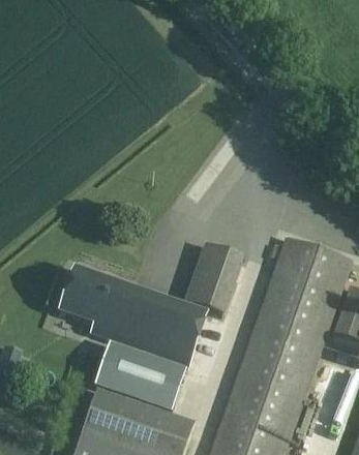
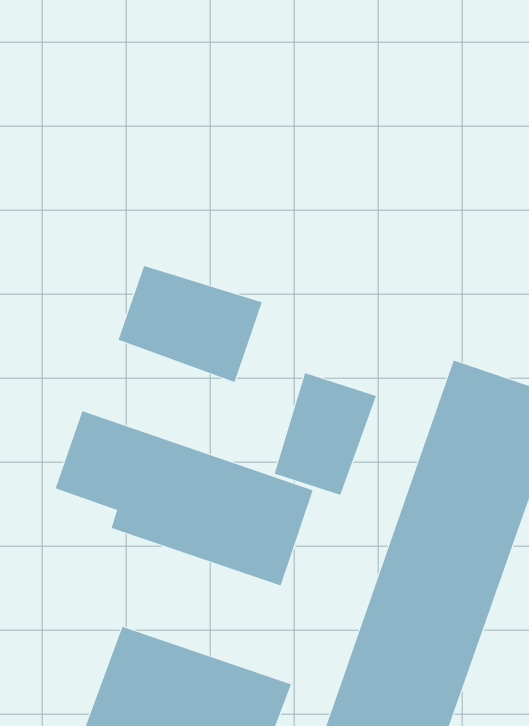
building: none -> [118,265,263,383]
building: [95,342,186,413] -> none

